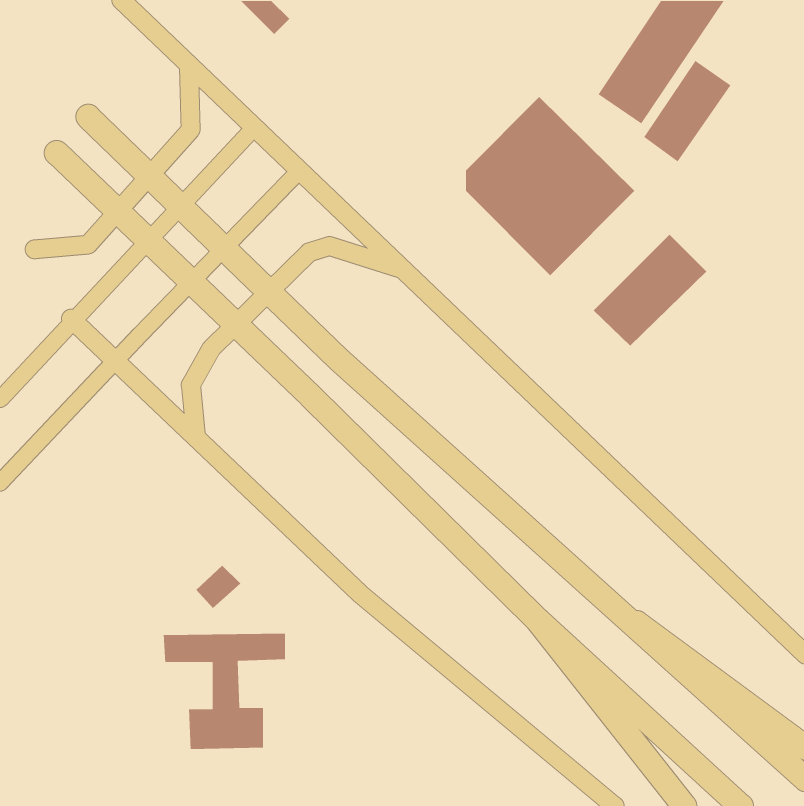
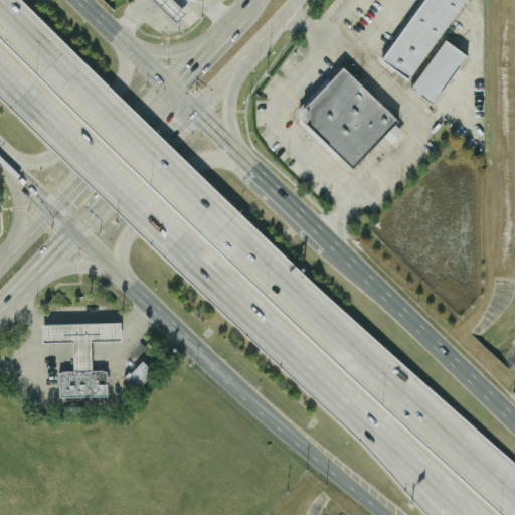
building: [593,234,707,346] -> none
building: [163,633,286,750] -> [43,322,122,396]

